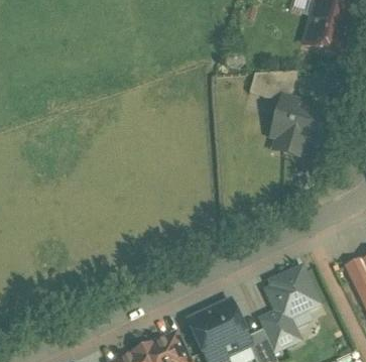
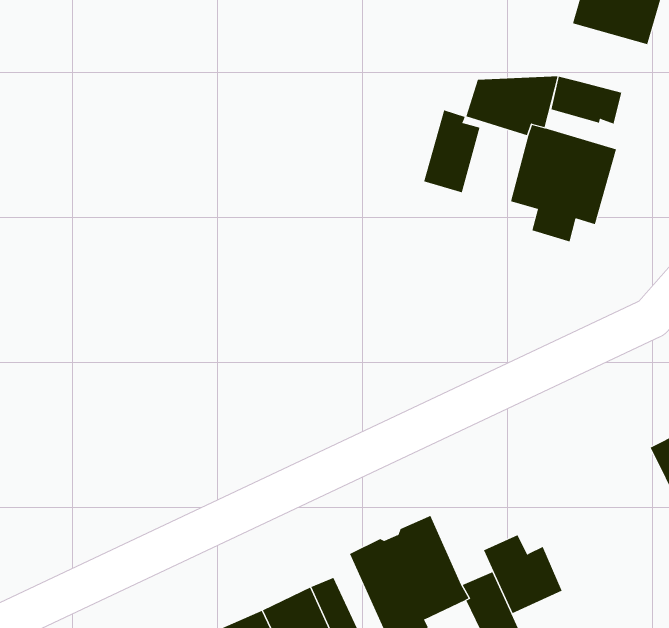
building: none -> [551,76,622,124]
building: none -> [423,110,480,193]
building: [267,265,319,319] -> none

